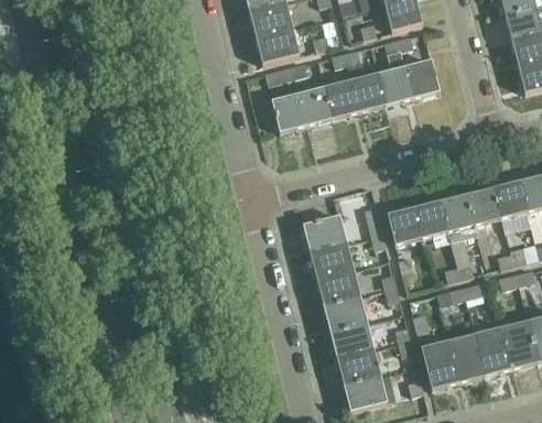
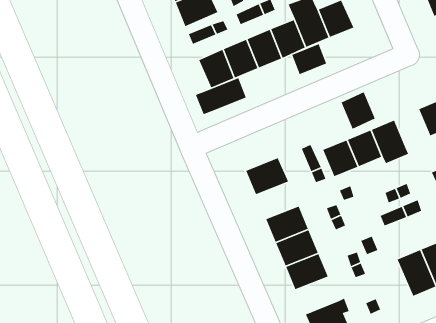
building: none -> [291,43,327,75]
building: none -> [195,77,247,115]
building: [467,185,501,224] -> [341,91,376,130]
building: [310,241,354,276] -> none
building: [421,339,458,388] -> none
building: [336,347,380,382] -> none

